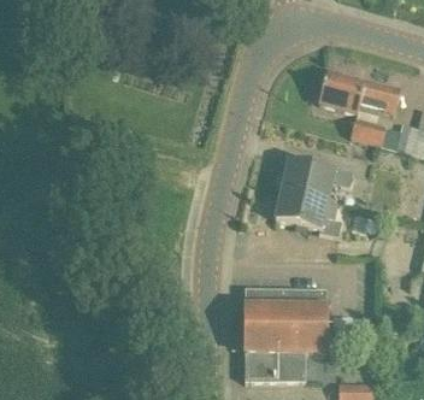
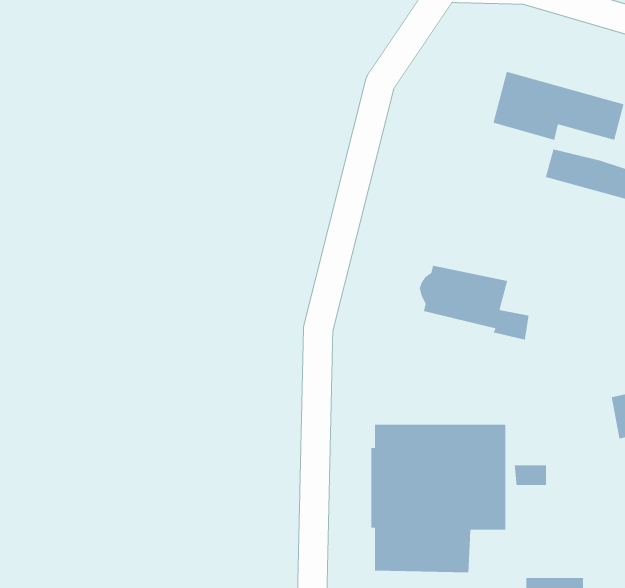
building: [279,161,354,200] -> none

